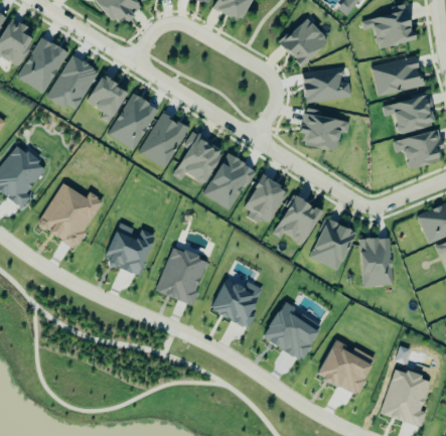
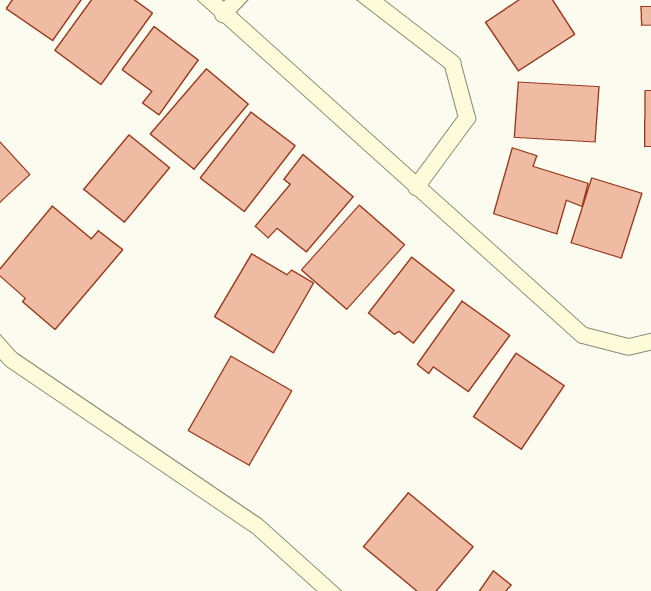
building: none -> [571,178,642,258]
building: none -> [84,135,169,222]
building: [104,224,154,275] -> [215,254,313,353]
building: [359,237,394,286] -> none
building: [210,278,263,328] -> none

